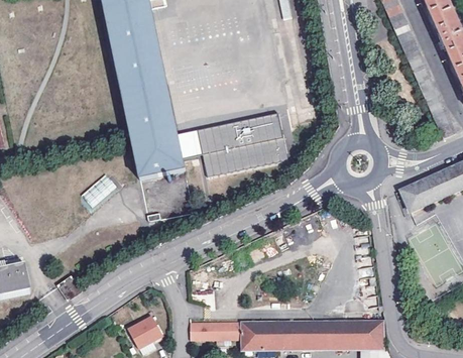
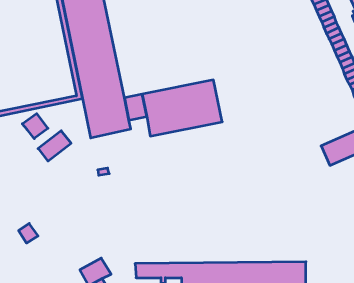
building: none -> [22,114,48,139]

